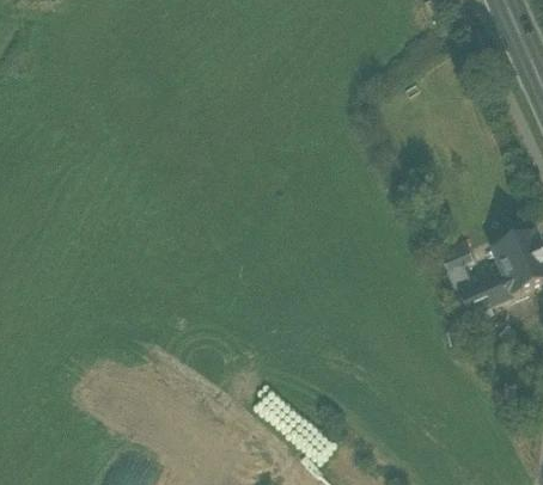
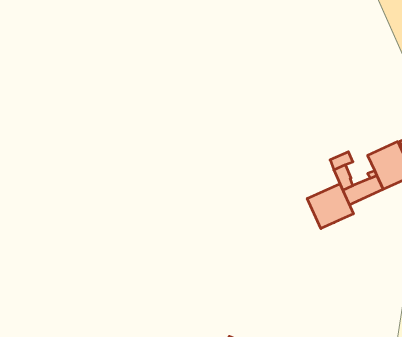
building: none -> [307,184,353,229]

